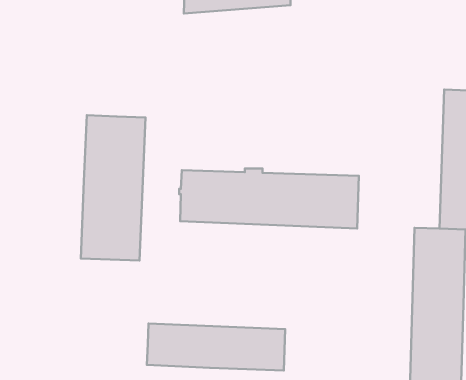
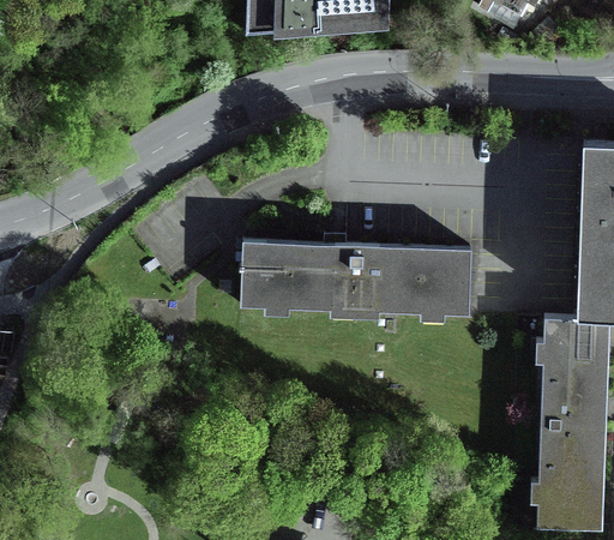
building: [81,115,146,261] -> none
building: [147,323,285,371] -> none

